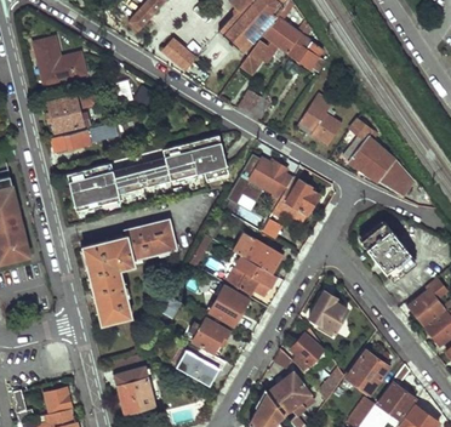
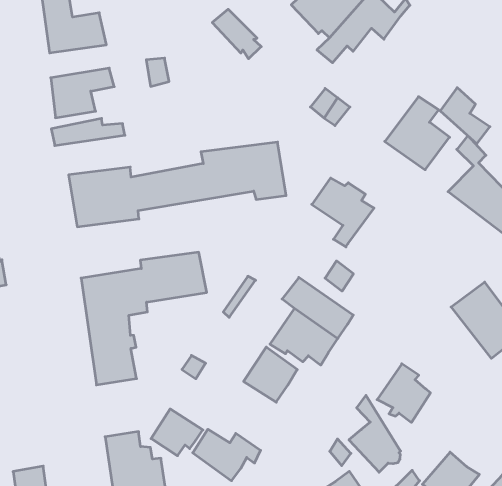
building: [290,34,327,74] -> [440,88,490,144]
building: [276,177,316,217] -> none
building: [193,319,230,353] -> [151,409,203,456]

